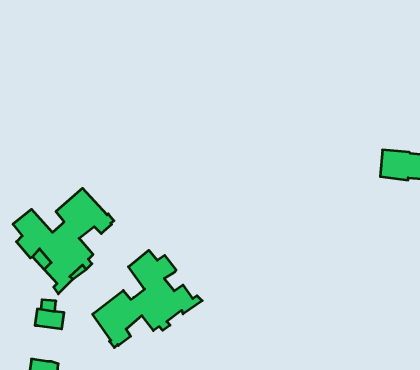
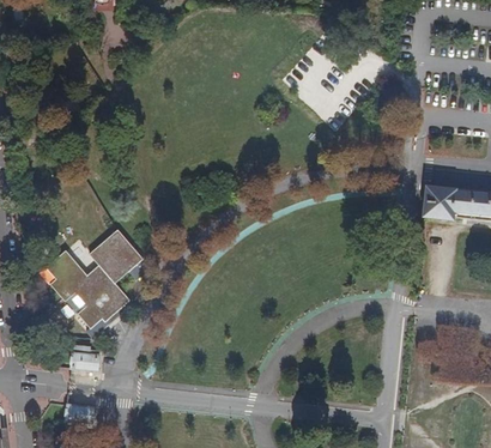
building: [93,250,202,348] -> none

